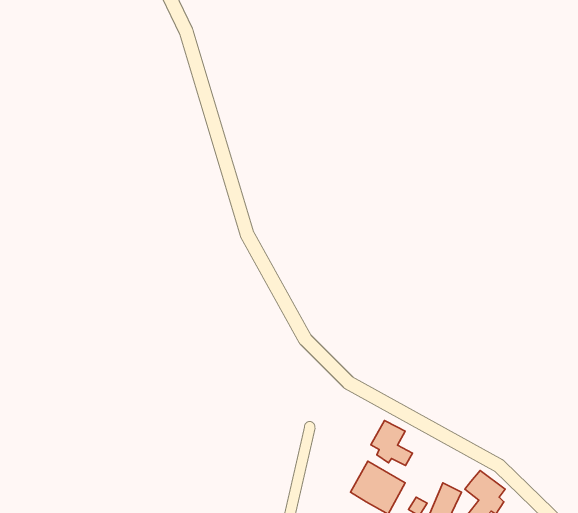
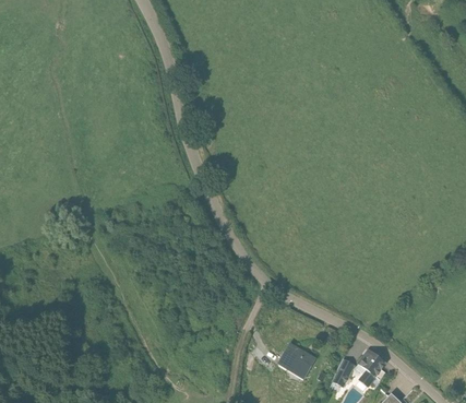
building: [371,421,413,465] -> none

